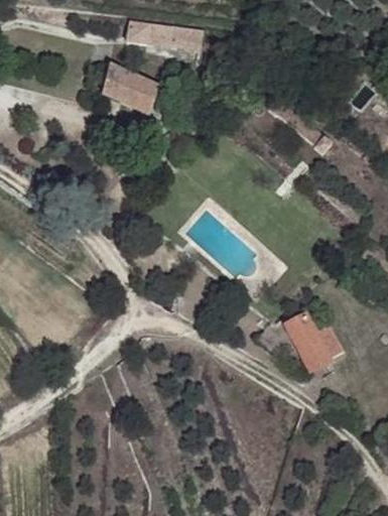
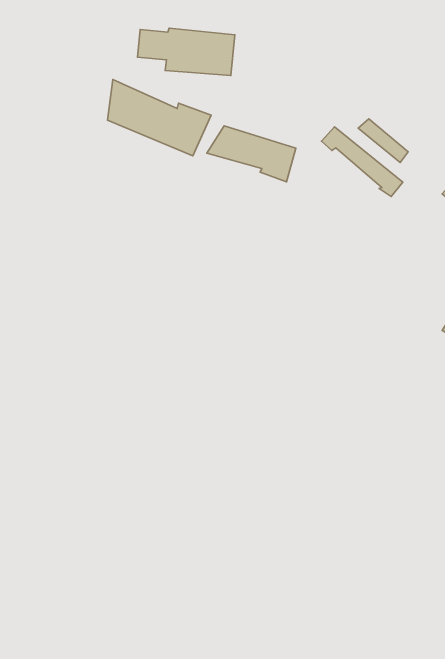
building: none -> [207,126,296,182]
building: [283,312,342,369] -> none

